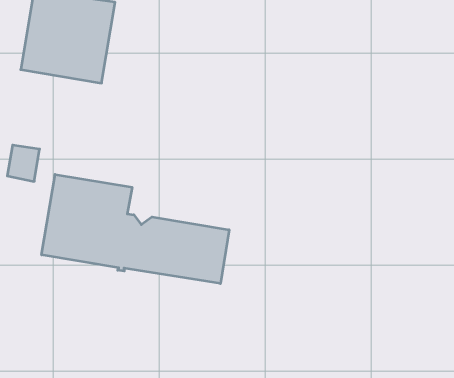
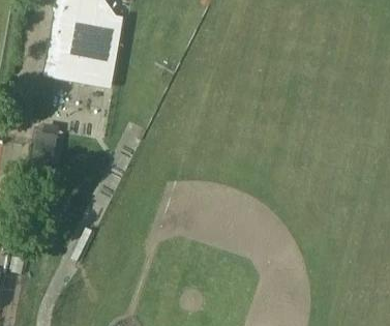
building: [42,174,229,284] -> none

